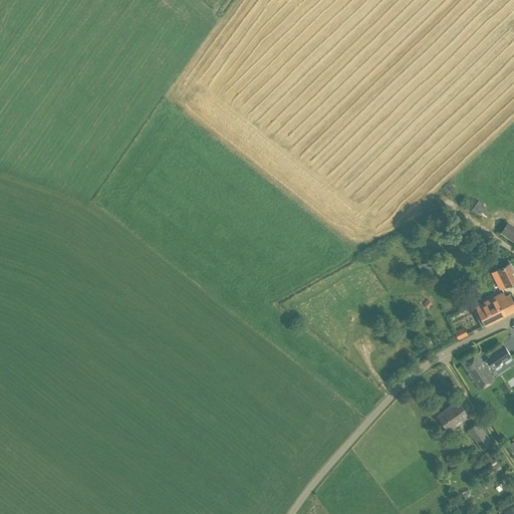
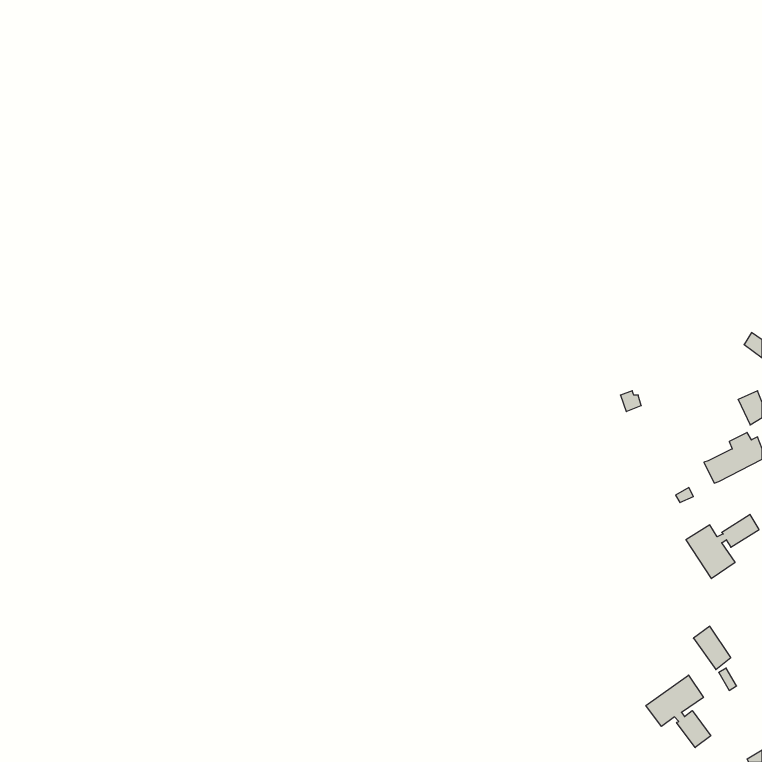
building: [437,401,469,431] -> none
building: none -> [646,675,711,748]

